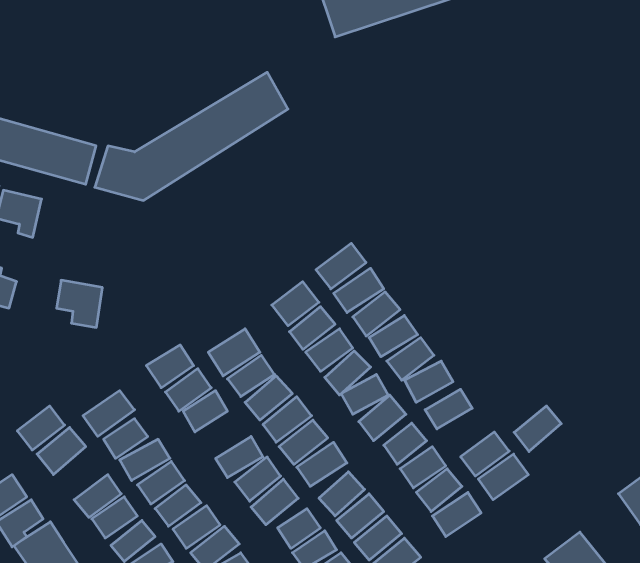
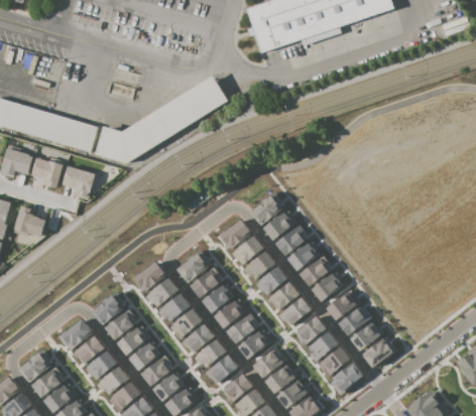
building: [57,280,102,327] -> [62,167,93,199]
building: [17,406,65,450] -> [72,335,104,366]
building: [514,406,561,452] -> [337,305,369,336]
building: none -> [169,308,201,338]

